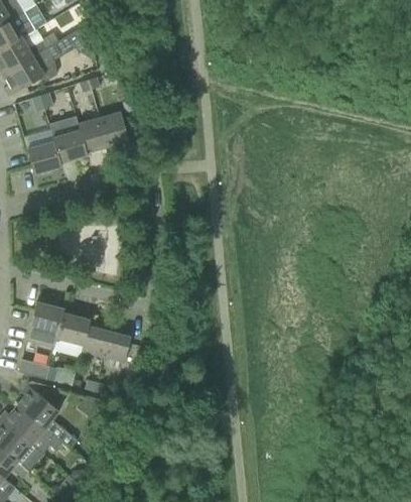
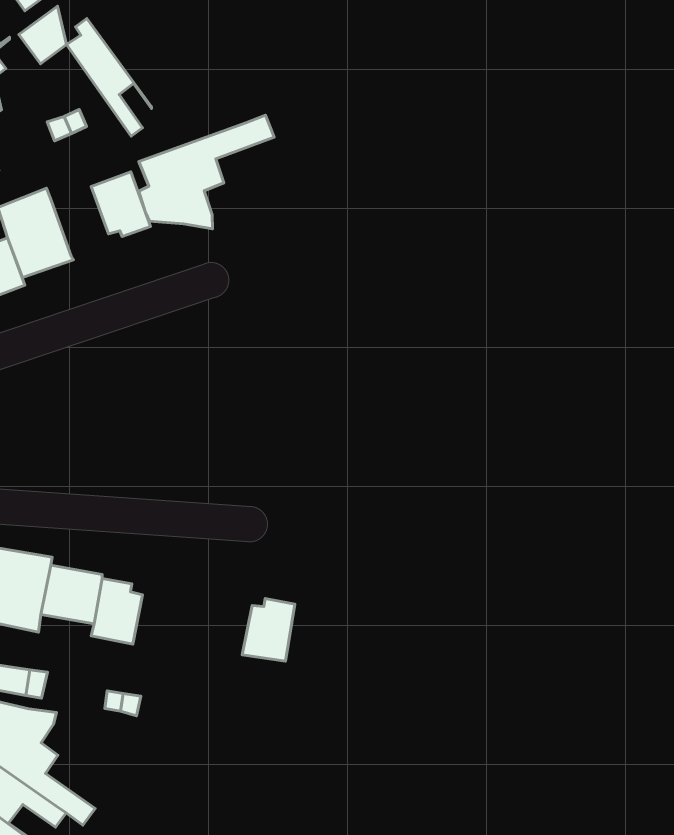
building: none -> [66,19,152,136]
building: none -> [139,115,274,229]
building: [79,118,107,153] -> none
building: [103,329,132,362] -> [242,599,295,661]

